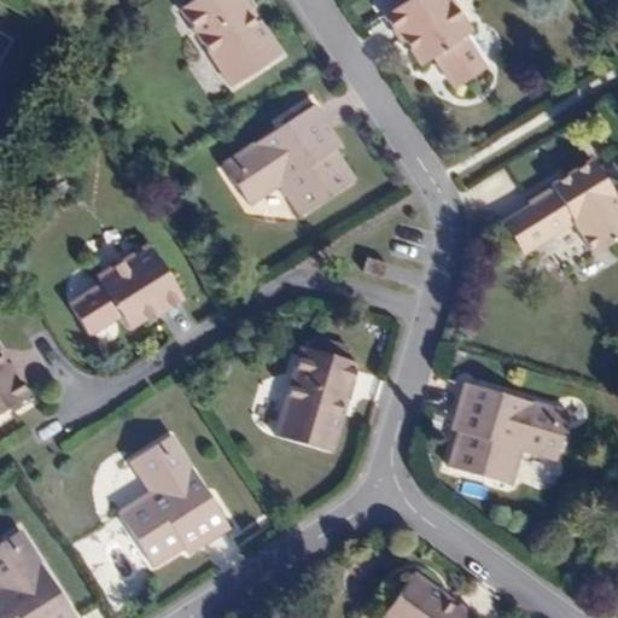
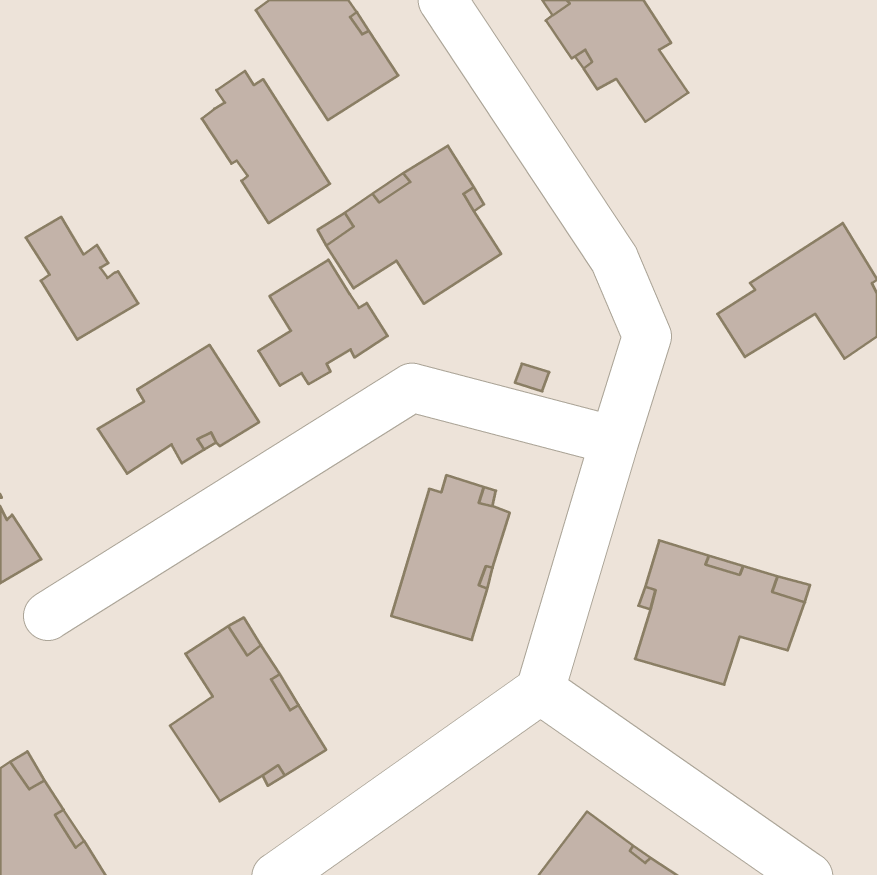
building: none -> [202,71,330,223]
building: none -> [26,217,138,340]
building: none -> [258,260,388,386]

